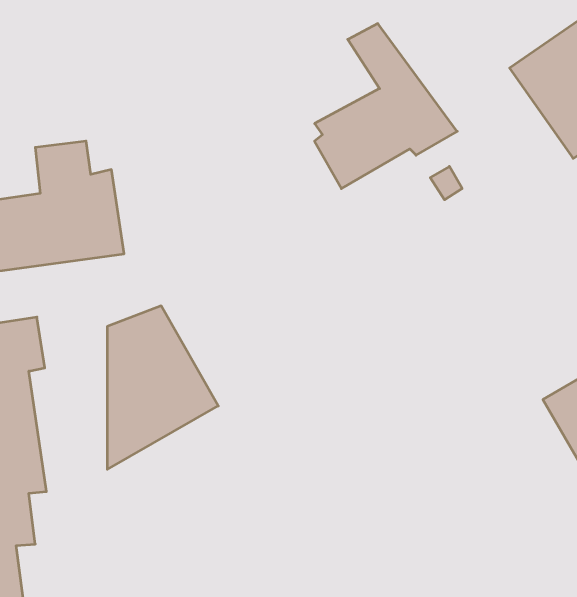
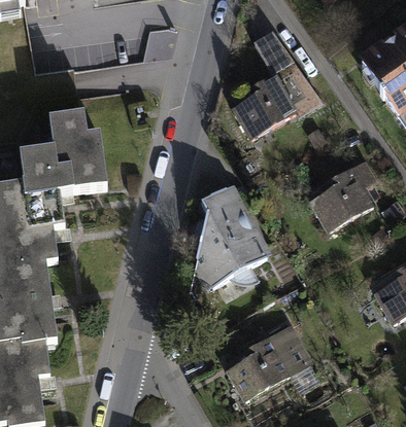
building: none -> [310,162,377,228]
building: [107,306,218,469] -> [195,182,267,288]
building: none -> [219,320,304,392]

